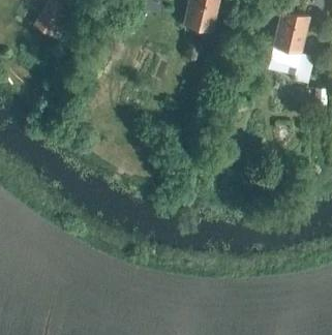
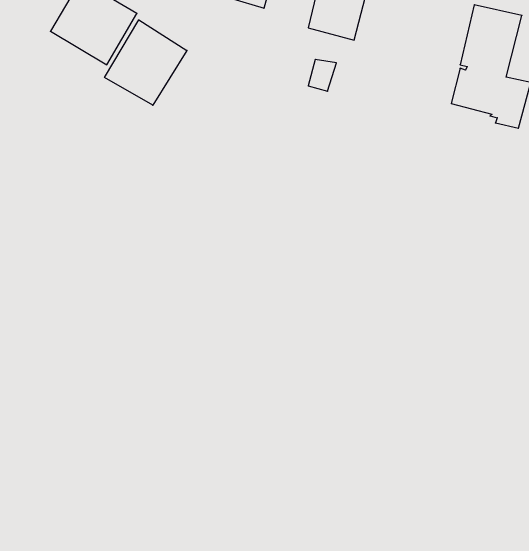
building: none -> [105,20,187,105]

